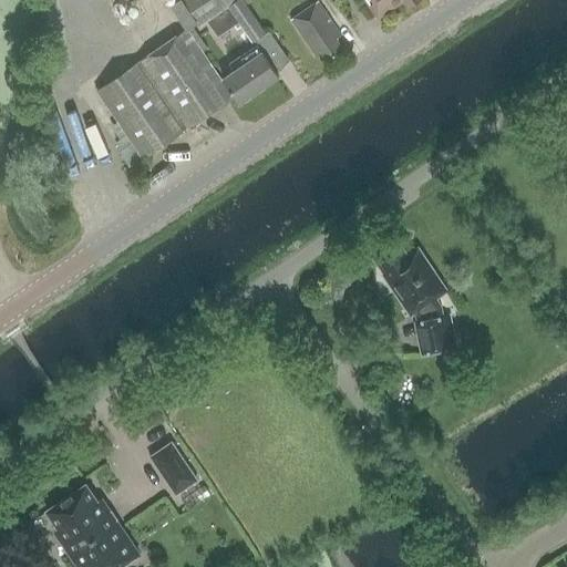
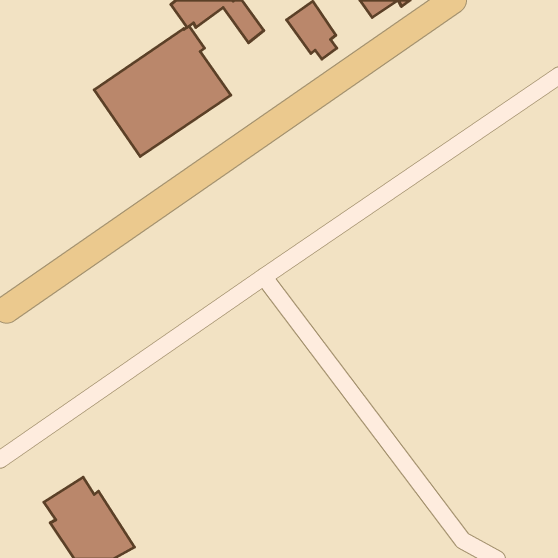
building: [223,48,279,104] -> none
building: [374,243,456,354] -> none
building: [152,444,194,492] -> none

